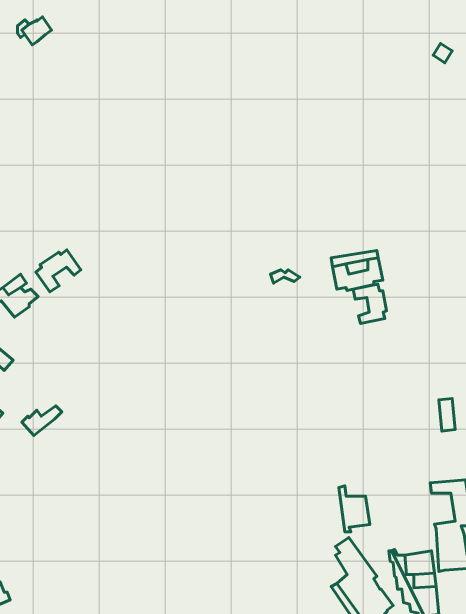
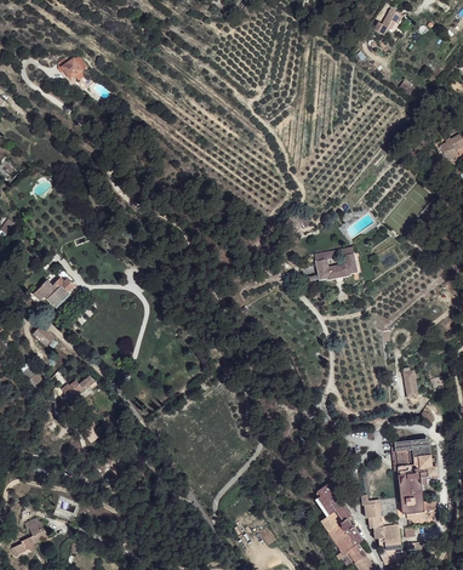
building: [36,250,81,292] -> none
building: [353,284,386,323] -> none
building: [339,486,370,532] -> [390,439,416,477]

